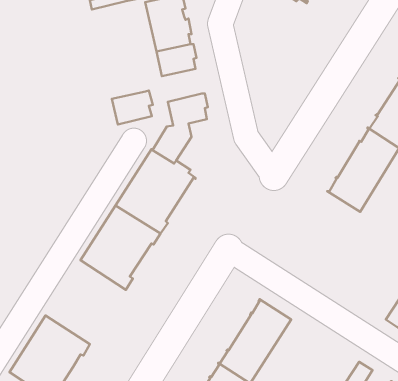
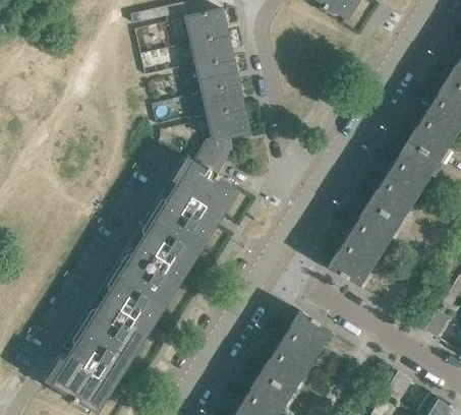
building: [112,91,153,124] -> [201,81,242,115]
building: none -> [326,203,398,287]
building: none -> [87,272,166,355]

